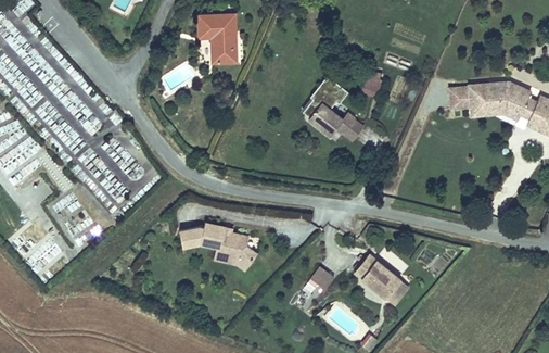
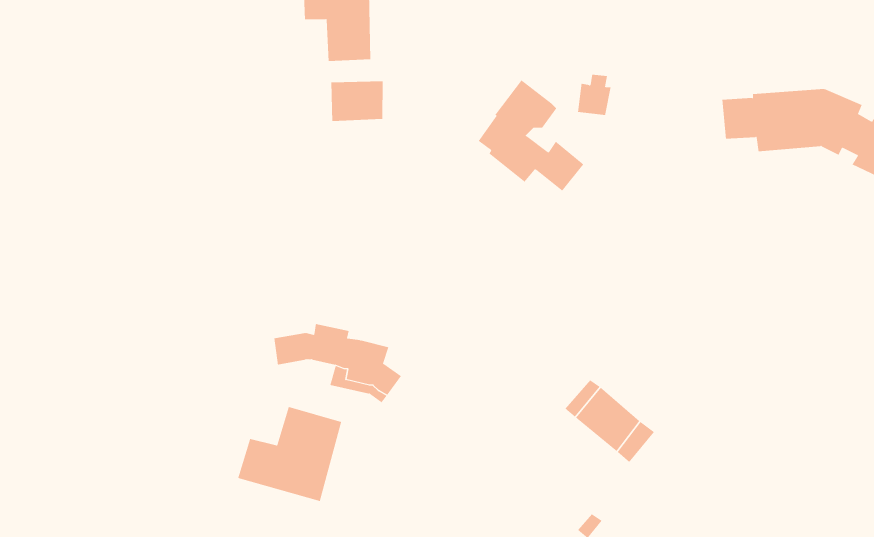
building: none -> [331,81,383,122]
building: [303,265,334,300] -> none
building: none -> [238,406,342,502]

